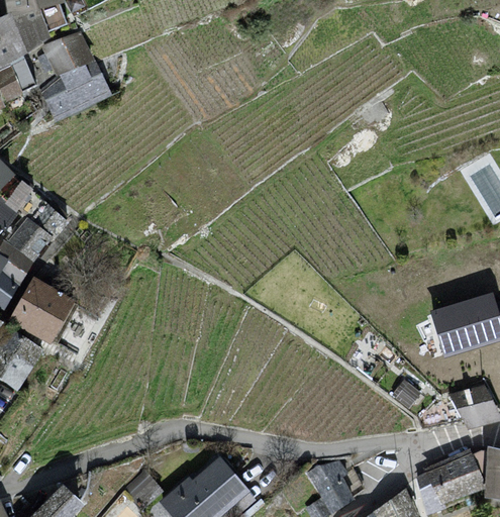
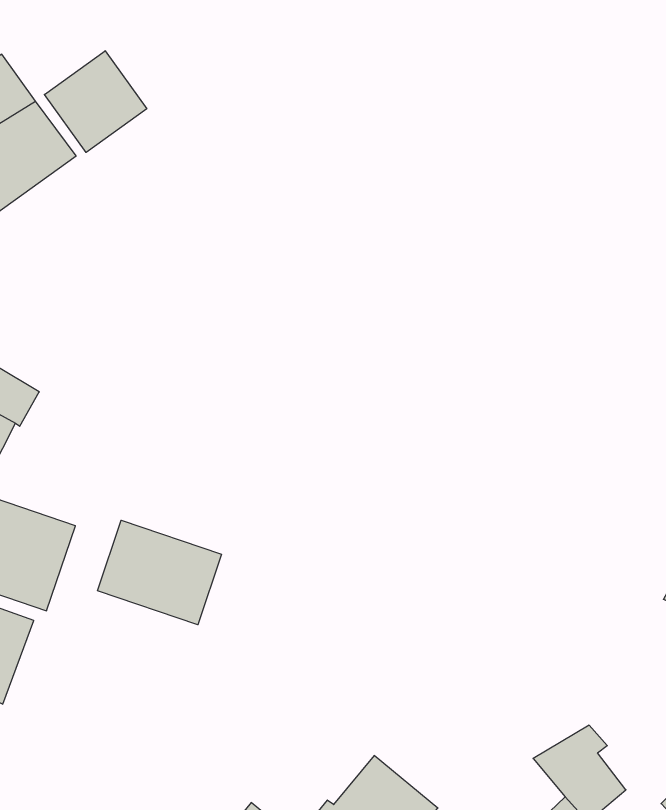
building: none -> [44,51,147,152]
building: none -> [97,520,222,625]

